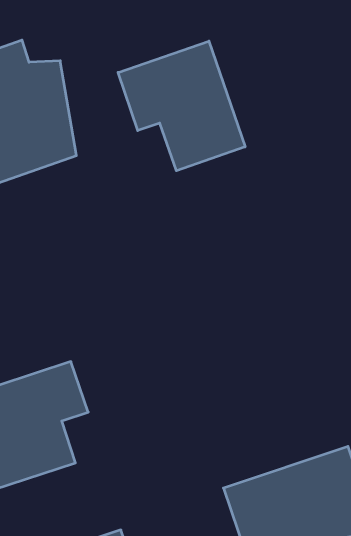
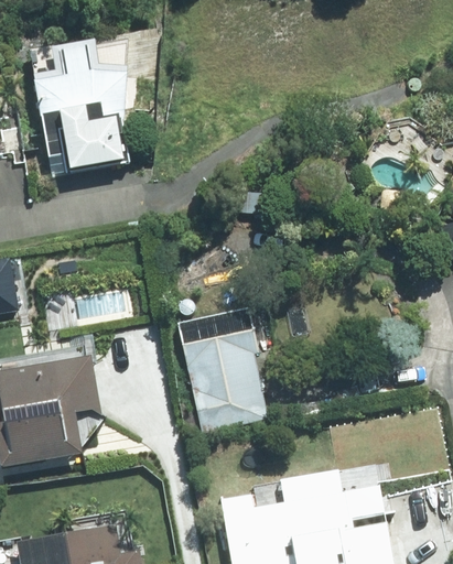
building: [118,41,245,171] -> none
building: none -> [182,327,269,429]

